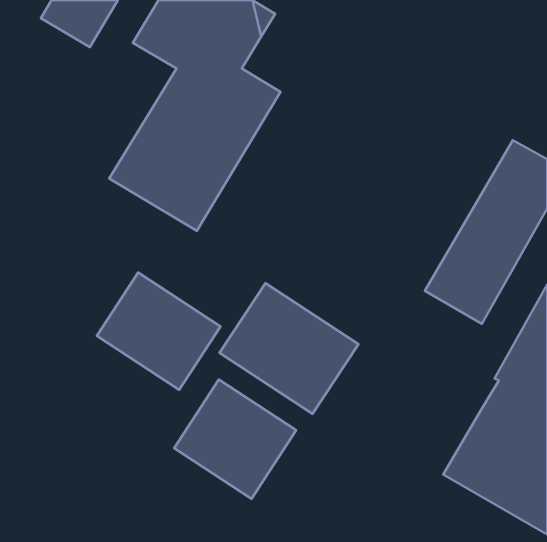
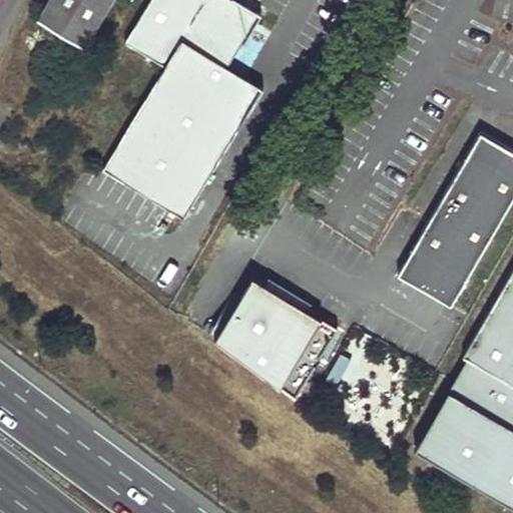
building: [97,272,221,390] -> none
building: [174,380,296,499] -> none

